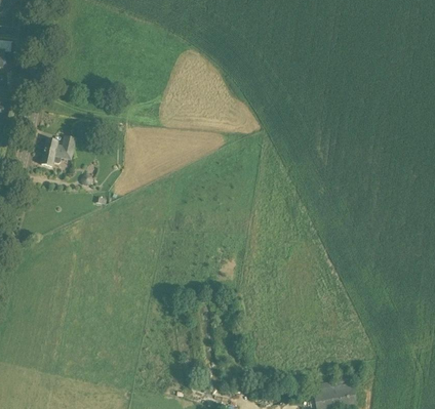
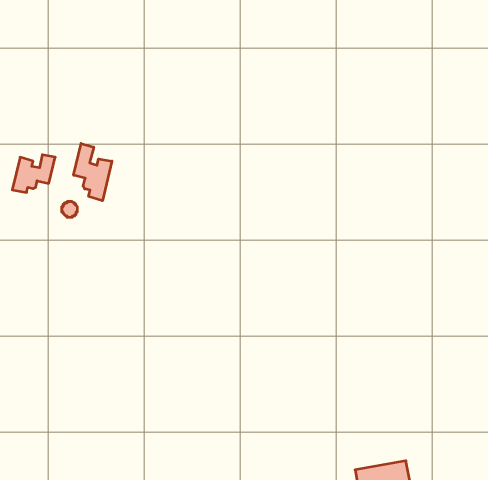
building: none -> [74,143,112,201]

